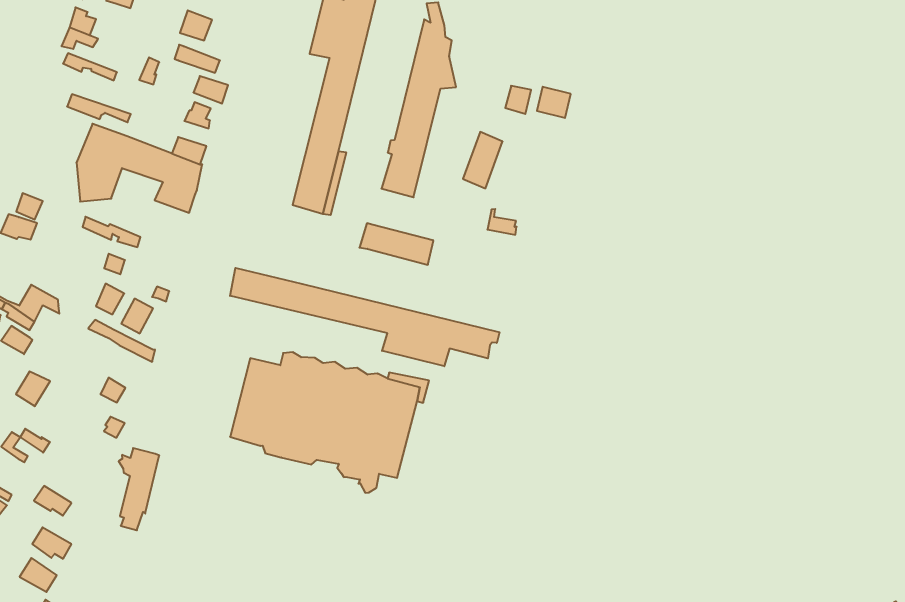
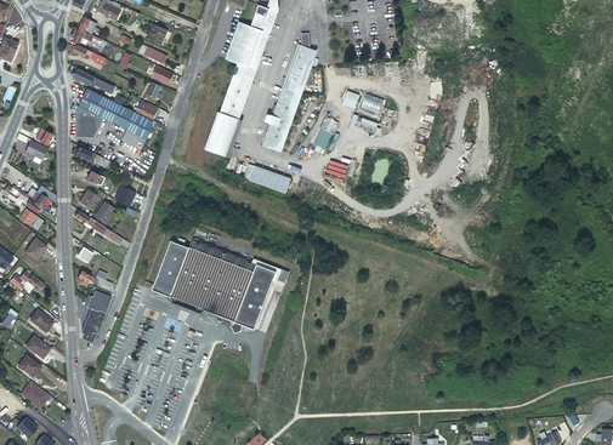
building: [230,268,500,366] -> none

